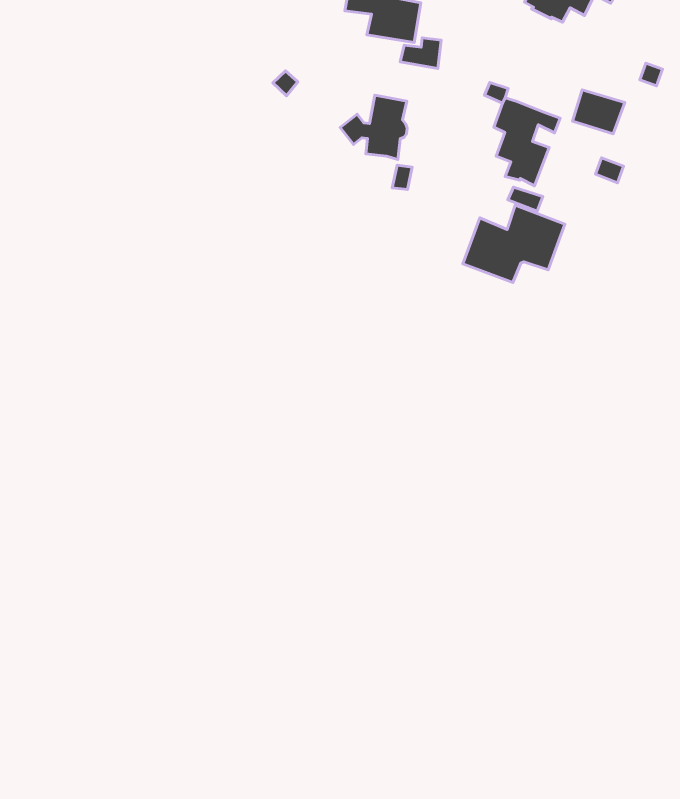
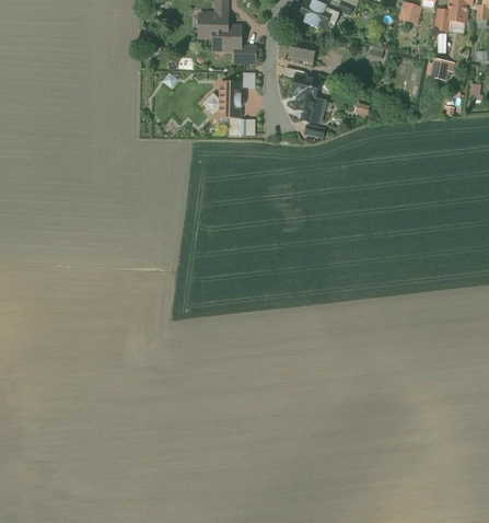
building: [573,90,625,134] -> [288,39,316,62]
building: [463,205,565,282] -> none

